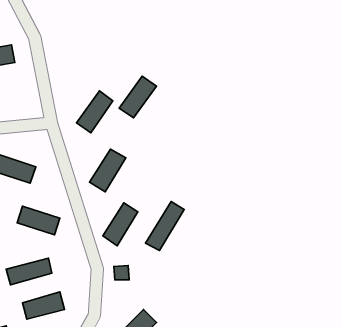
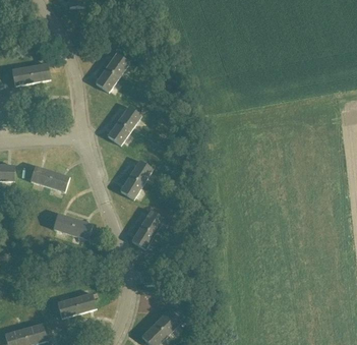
building: [119,76,156,118] -> [95,53,129,92]
building: [146,202,184,250] -> none
building: [6,258,52,285] -> none

